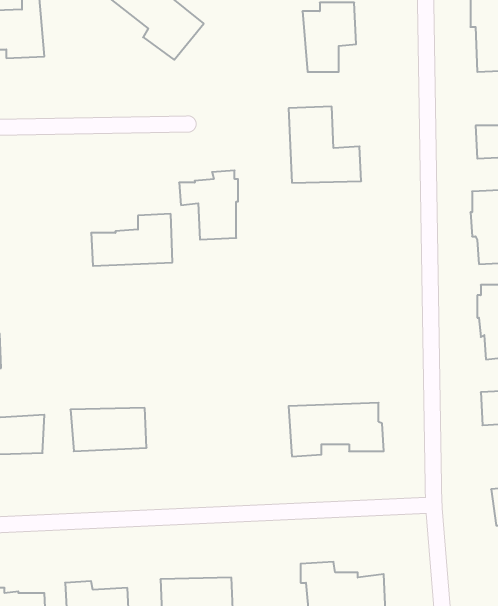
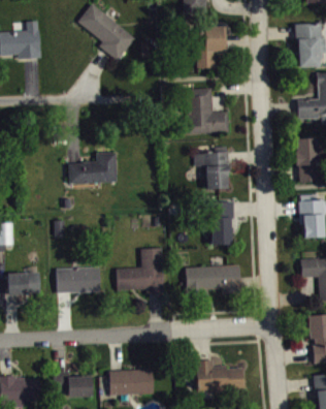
building: [179,170,238,240] -> [194,147,229,188]
building: none -> [207,200,235,244]
building: none -> [117,247,164,293]

